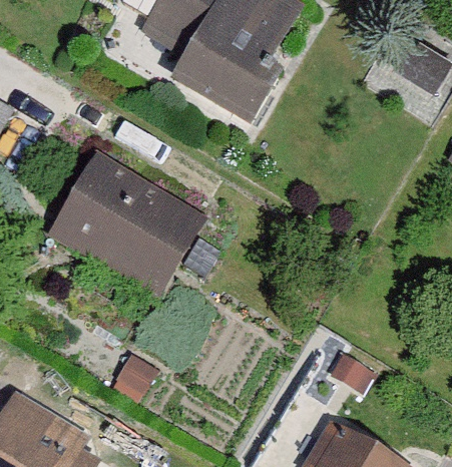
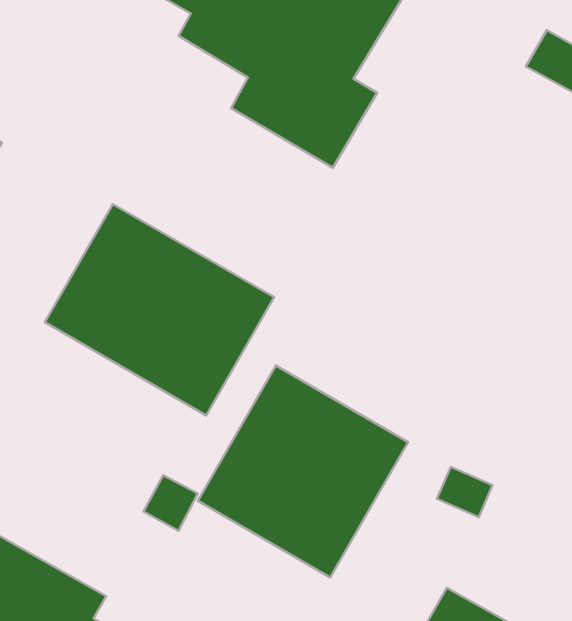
building: none -> [198,366,408,578]

